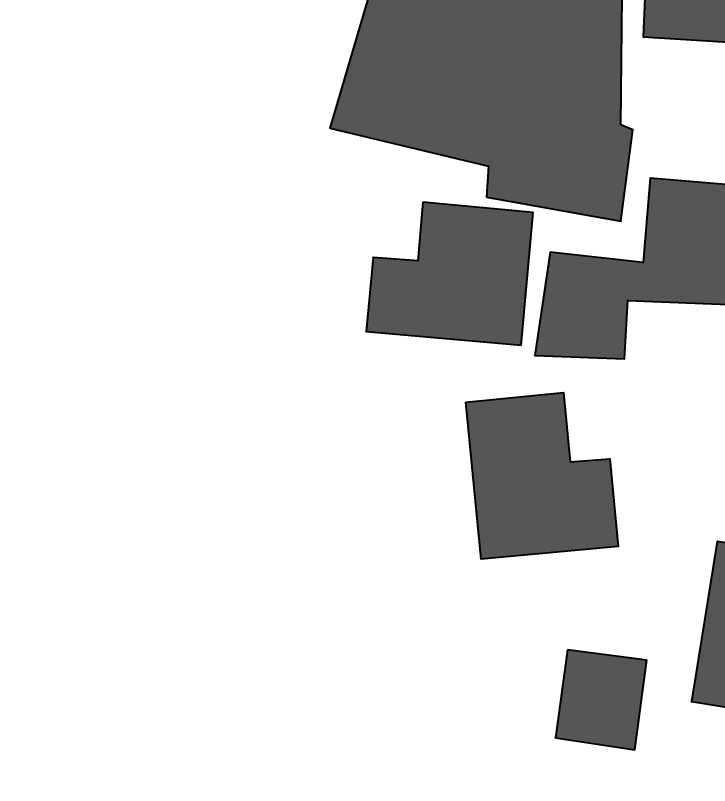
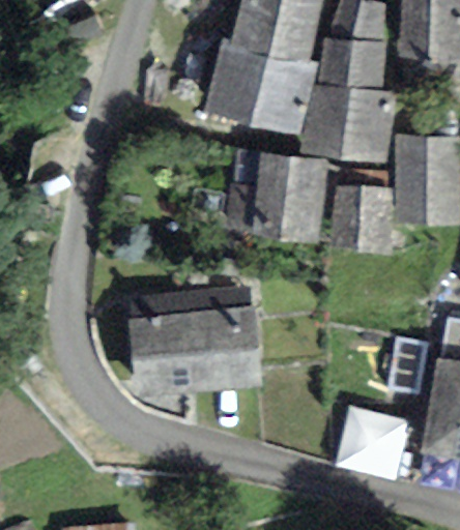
building: [466,393,618,559] -> none
building: none -> [128,303,260,390]

